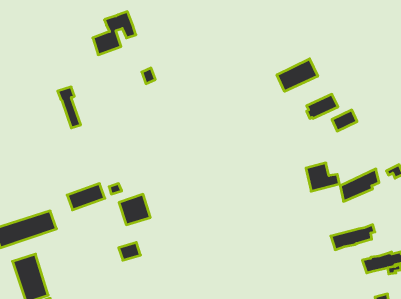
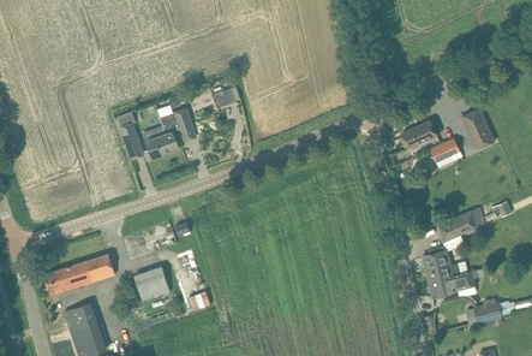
building: [93,12,136,55] -> [147,109,196,159]
building: [277,59,318,91] -> none
building: none -> [461,108,495,150]
building: [306,163,339,191] -> [423,250,461,283]
building: [119,194,150,225] -> [135,266,171,301]

